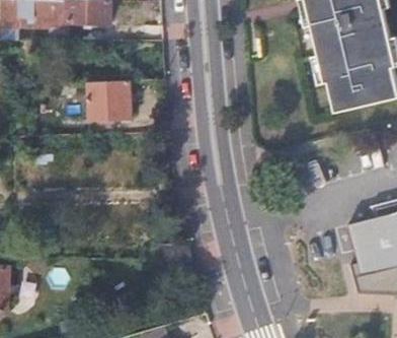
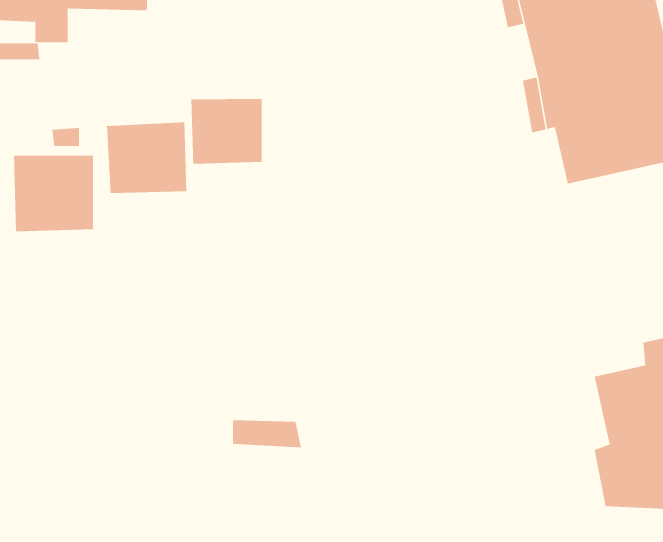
building: none -> [191,98,262,165]
building: none -> [13,155,94,232]

